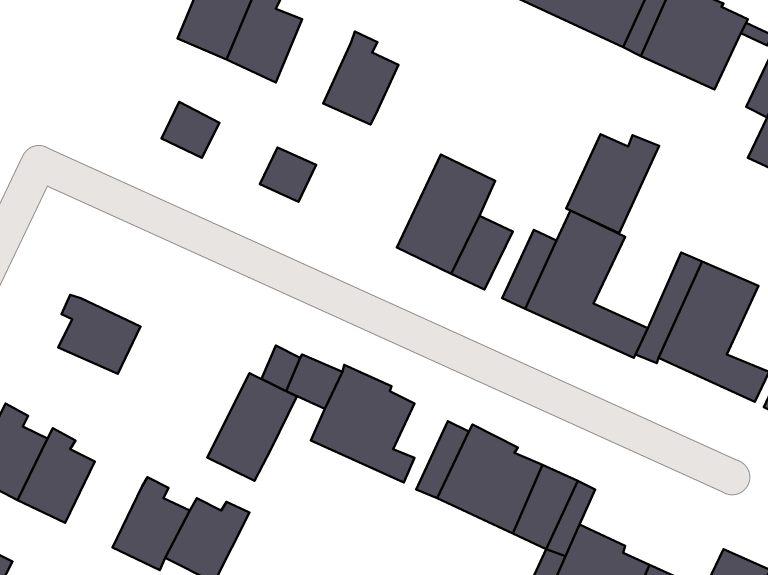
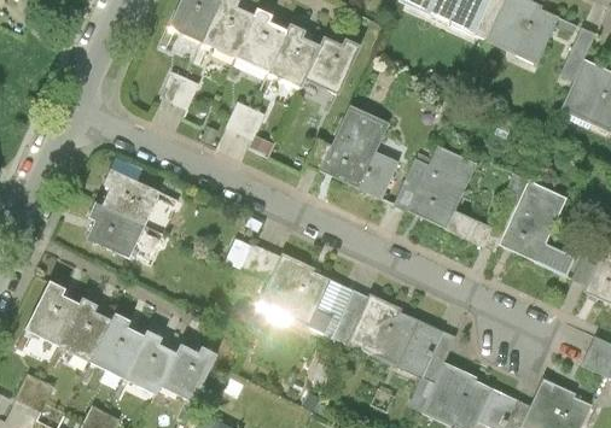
building: none -> [237,8,289,72]
building: none -> [305,36,361,95]
building: [566,134,659,233] -> none
building: none -> [103,169,158,225]
building: [207,373,297,481] -> none
building: none -> [92,312,145,377]

